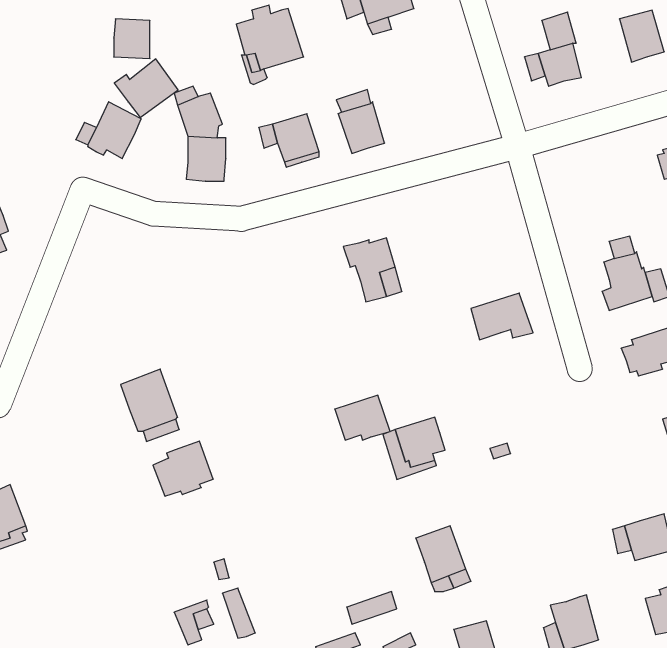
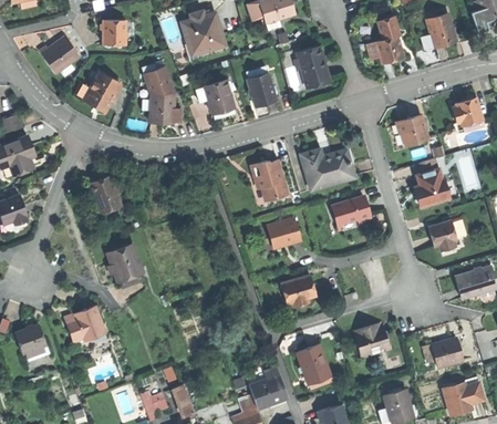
building: [114,59,178,118] -> [39,35,80,73]
building: none -> [297,45,330,84]
building: none -> [398,115,427,144]
building: none -> [300,148,354,189]
building: none -> [89,176,121,210]
building: [335,395,390,440] -> [266,217,301,246]
building: [153,441,213,496] -> [66,306,105,341]
building: none -> [353,323,392,358]
building: none -> [246,368,281,396]

